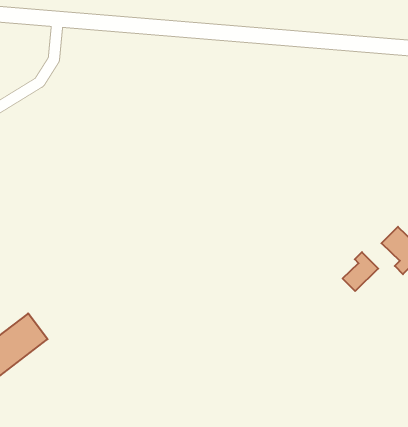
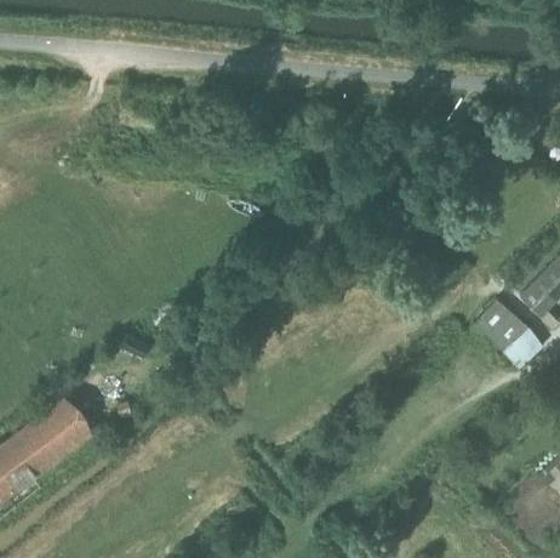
building: [343,252,378,291] -> none

